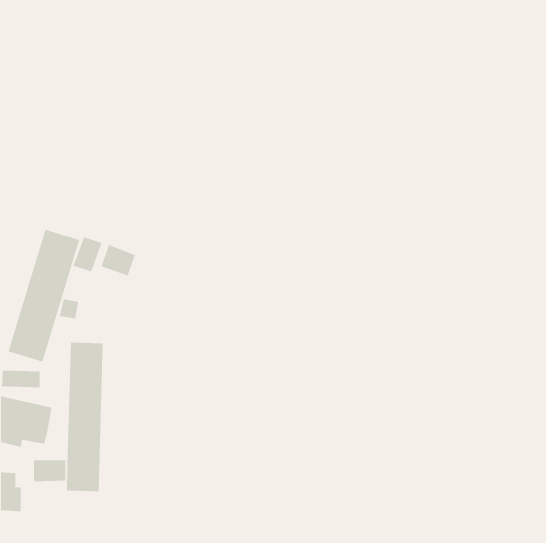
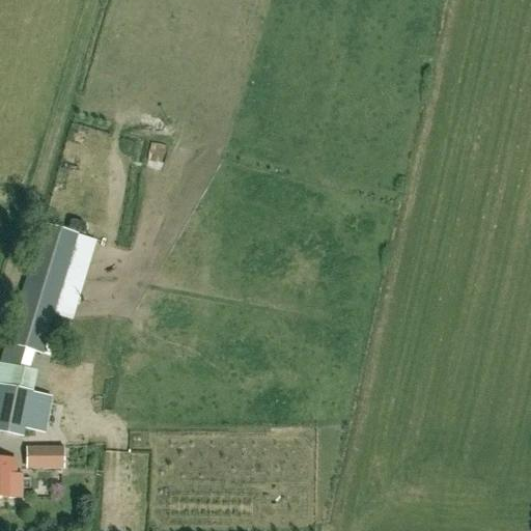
building: [100,244,136,277] -> none
building: [66,342,104,492] -> none

